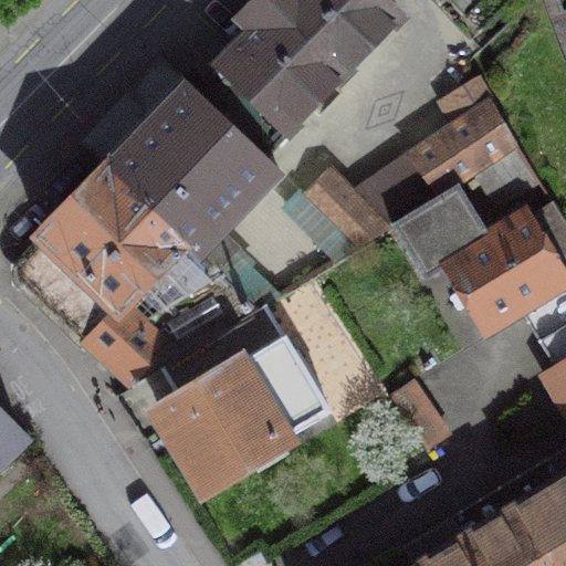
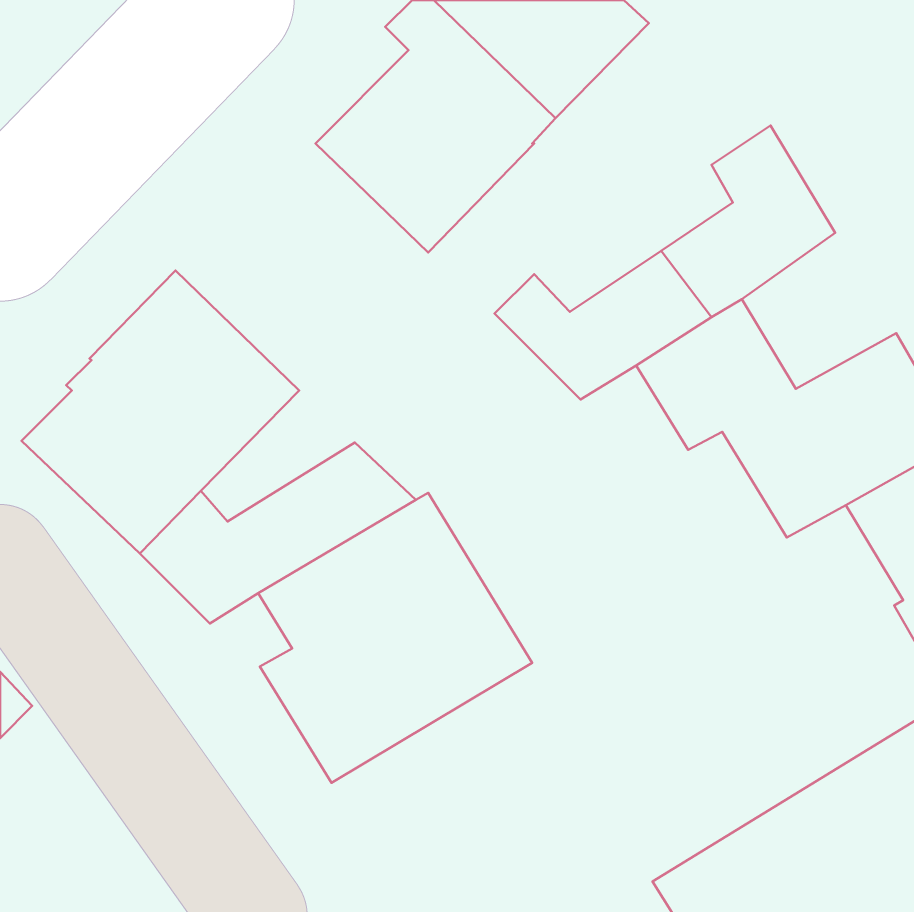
building: [109,86,277,271] -> none

